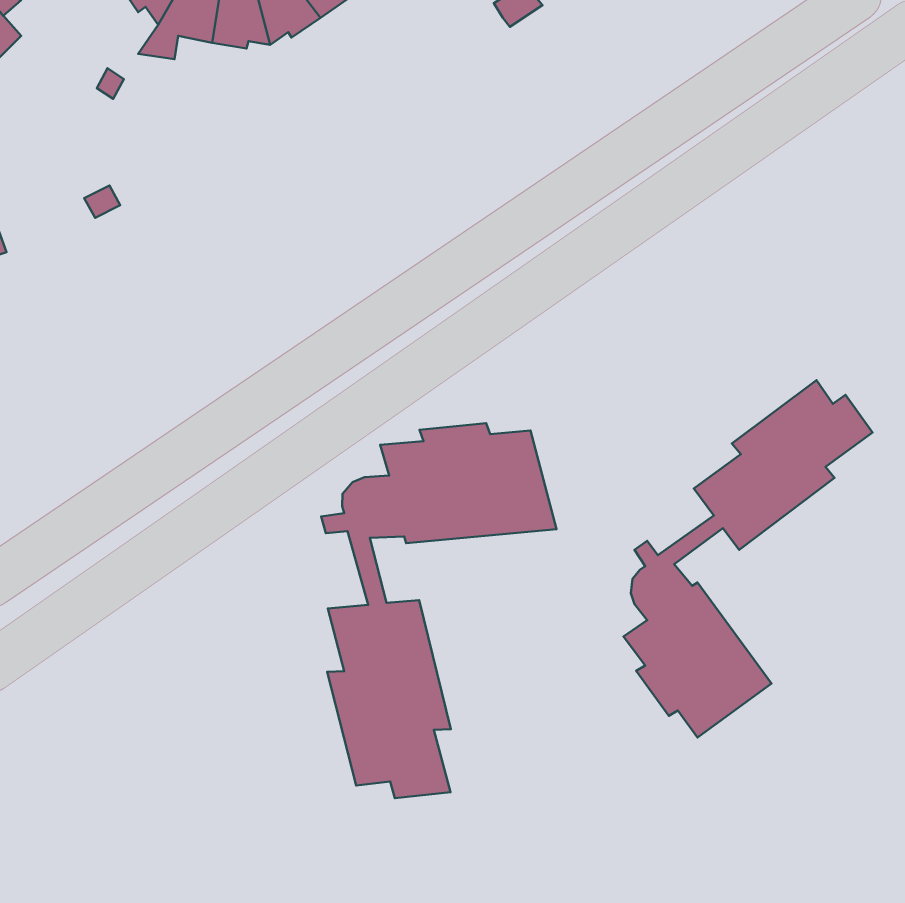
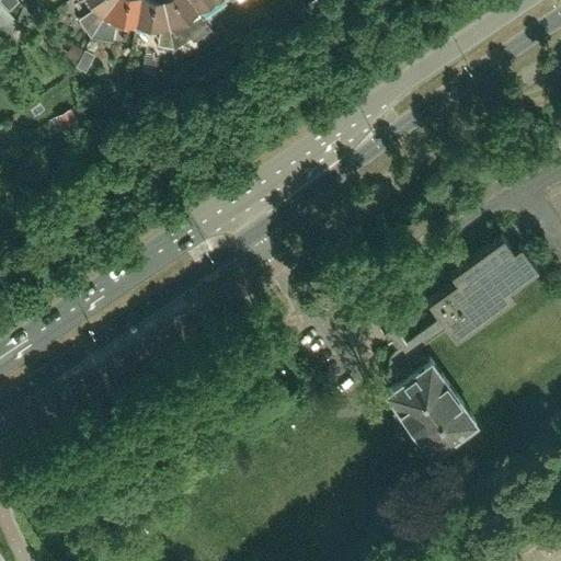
building: [321,423,556,798] -> none

